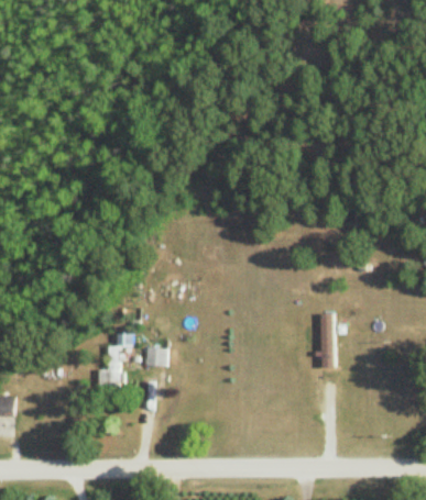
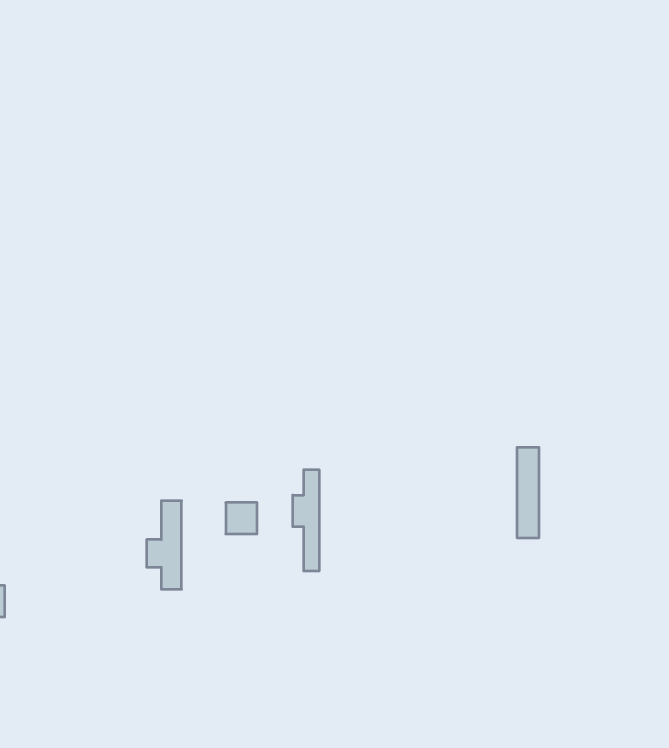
building: none -> [293,470,319,571]

